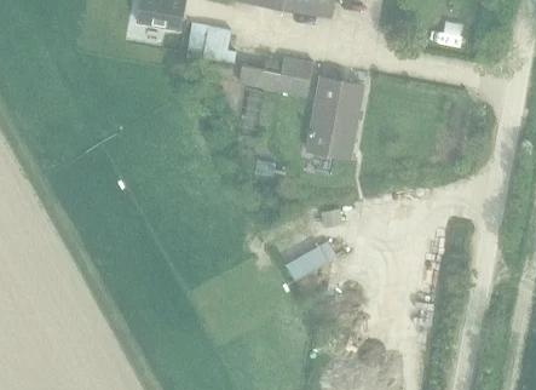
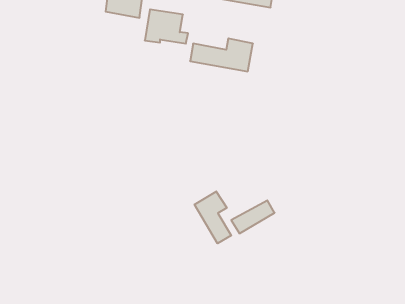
building: [306,79,363,157] -> none
building: none -> [195,191,231,243]

